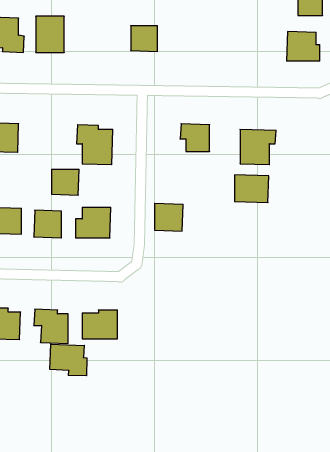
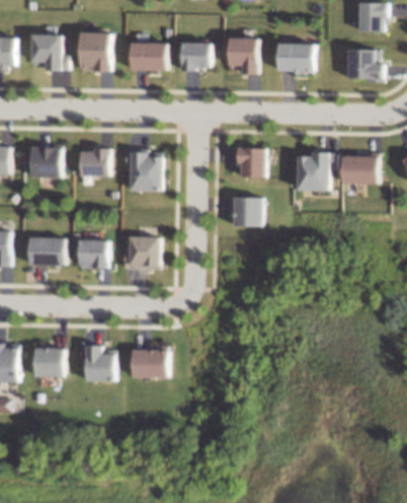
building: none -> [229,38,258,74]
building: none -> [132,43,167,70]
building: none -> [278,43,315,75]
building: [52,169,79,195] -> [81,149,110,176]
building: [235,175,269,203] -> [343,154,380,184]
building: [155,203,183,231] -> [233,197,263,226]
building: [50,344,87,376] -> none

